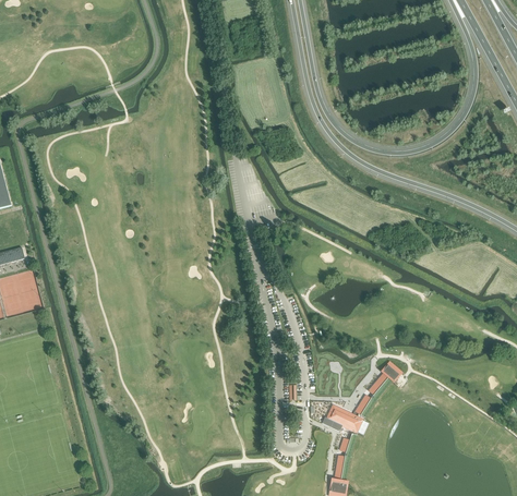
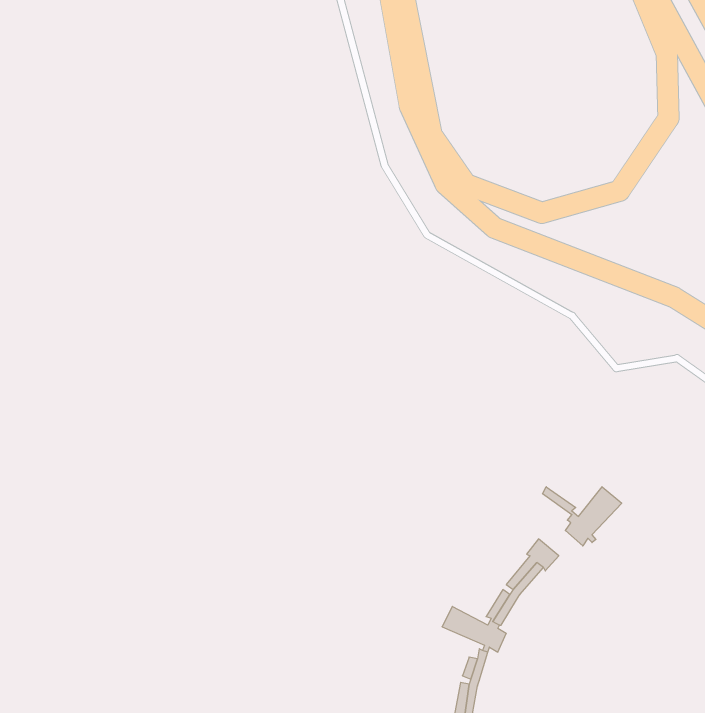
building: none -> [543,487,622,546]

